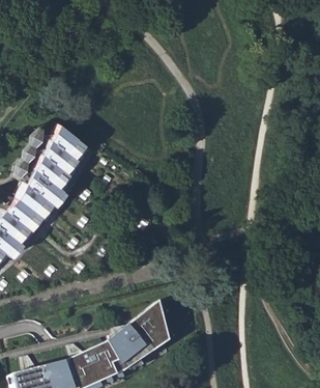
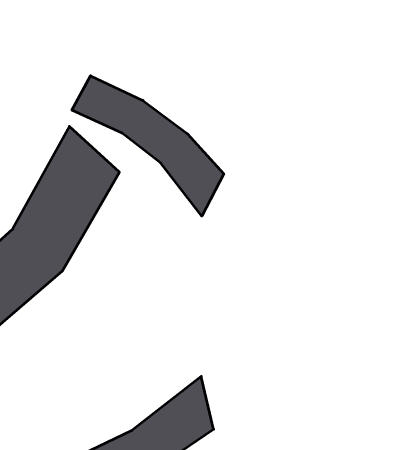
building: none -> [72,76,224,216]

